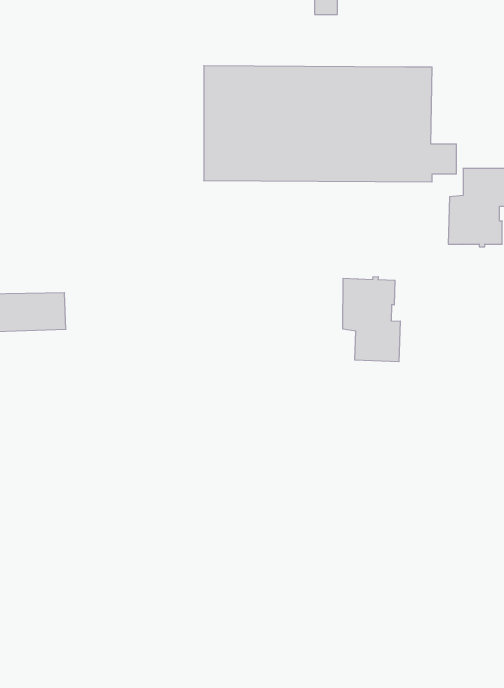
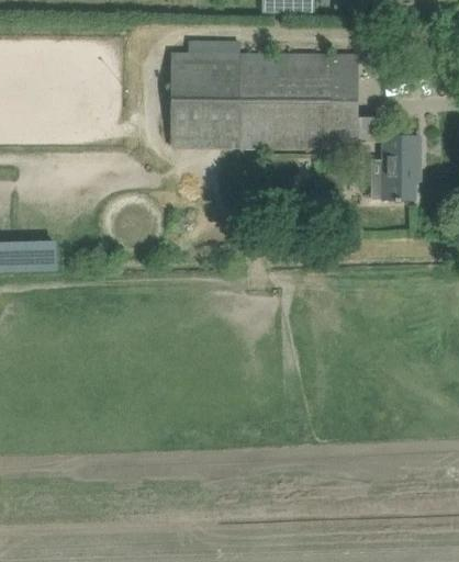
building: [343,277,400,362] -> none

